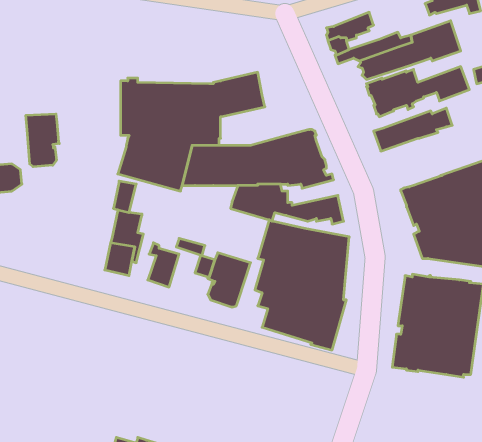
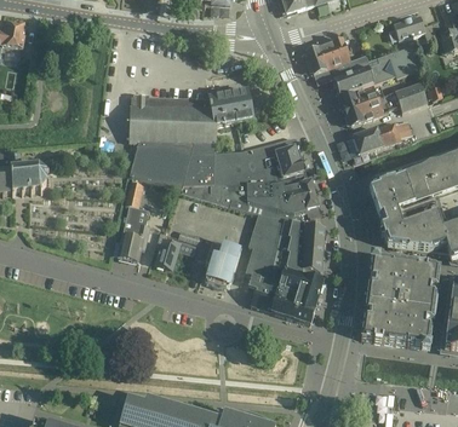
building: [26,114,59,167] -> none
building: none -> [268,178,316,200]
building: none -> [182,183,231,202]

